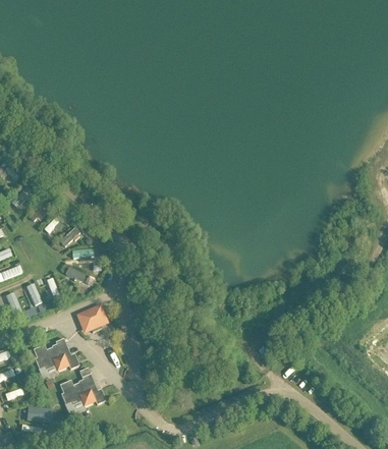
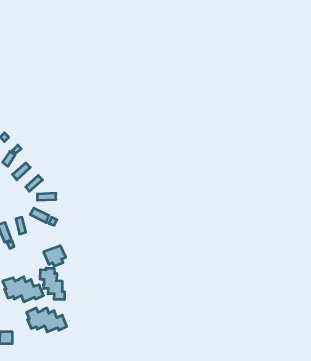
building: none -> [40,268,64,300]

